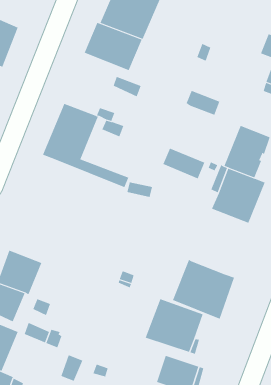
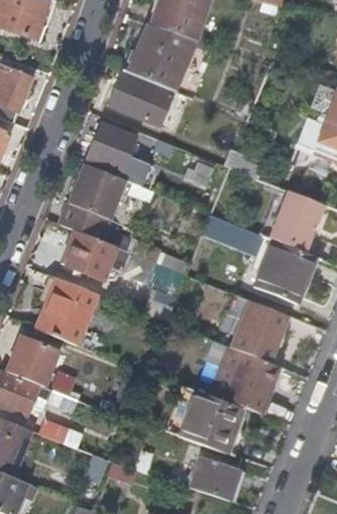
building: none -> [87,123,135,172]
building: none -> [60,230,154,281]
building: none -> [35,277,97,345]
building: none -> [232,300,289,362]

